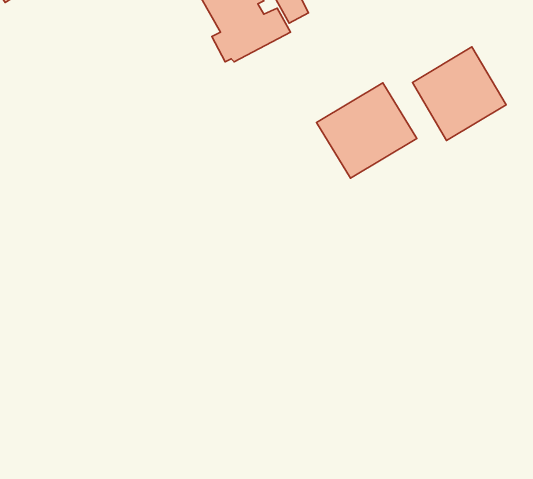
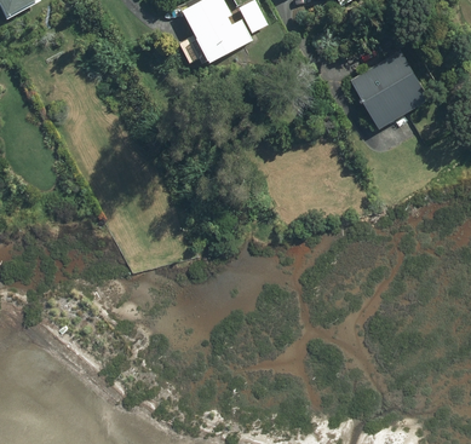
building: [316,83,417,178] -> none

